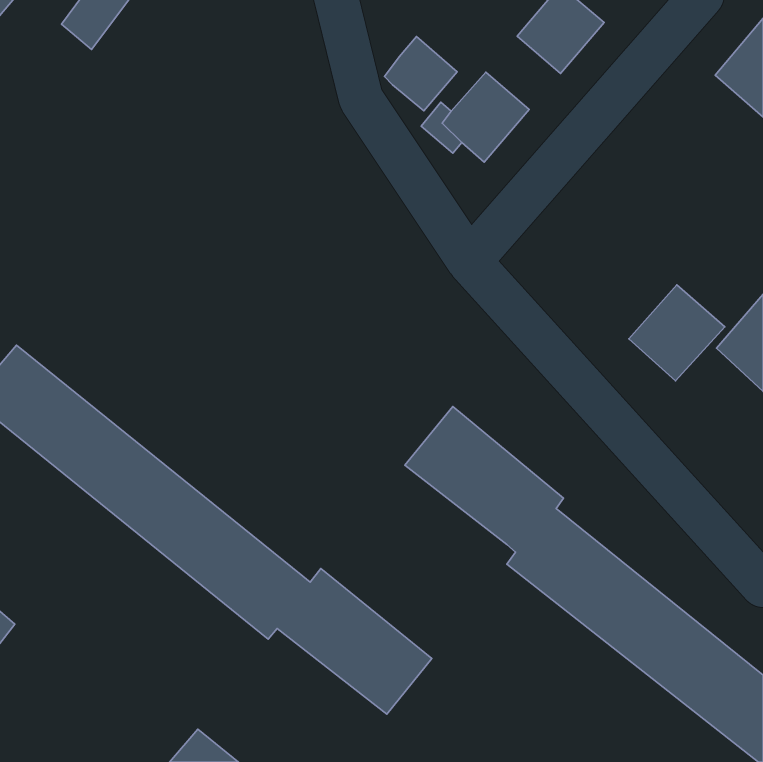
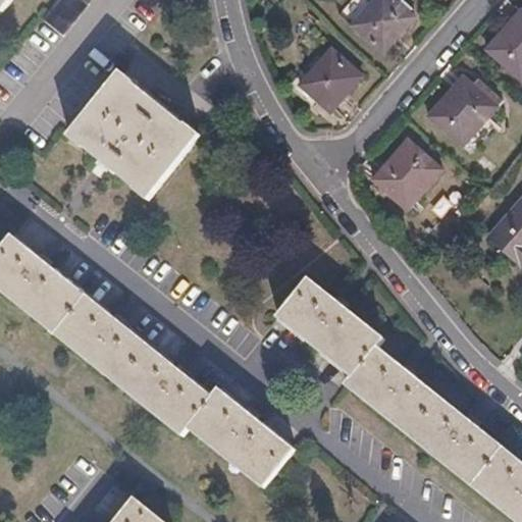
building: [384,37,457,111] -> none
building: none -> [68,70,199,200]
building: none -> [428,80,494,146]
building: [629,285,725,381] -> [374,143,439,208]

